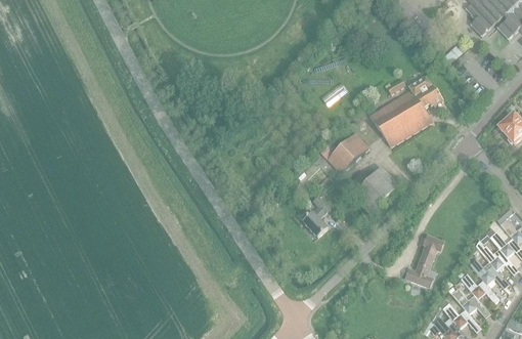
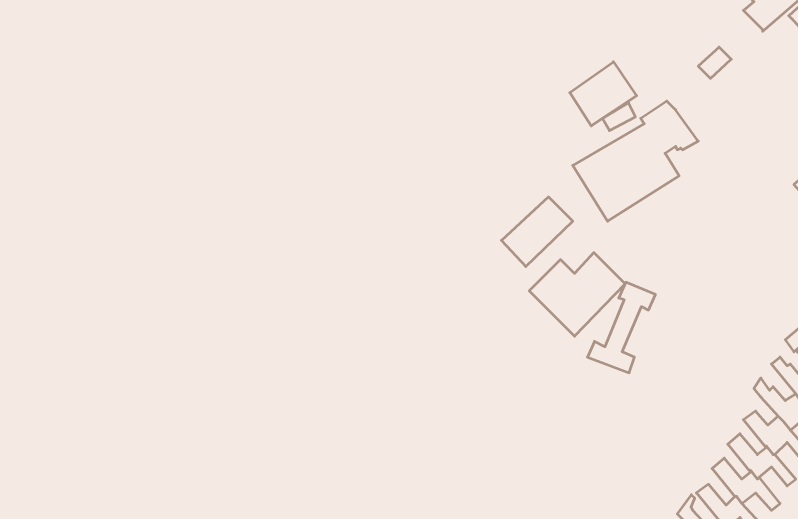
building: none -> [570,62,637,126]
building: [302,196,330,237] -> none
building: [404,234,444,287] -> [587,282,655,373]

